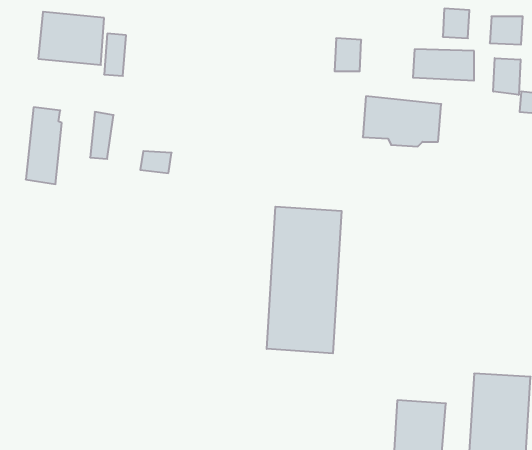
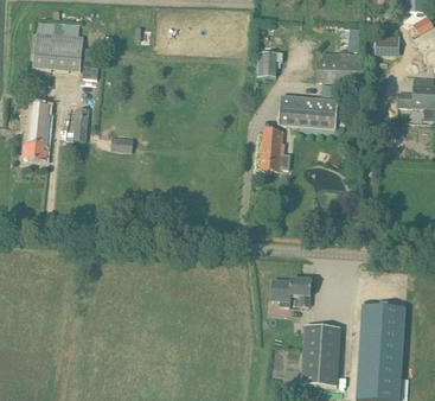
building: [493,58,520,95] -> none
building: none -> [261,129,290,171]
building: [267,207,342,353] -> none
building: none -> [271,278,312,305]

